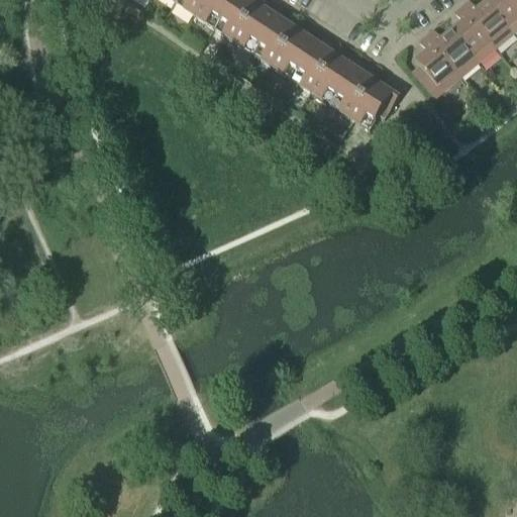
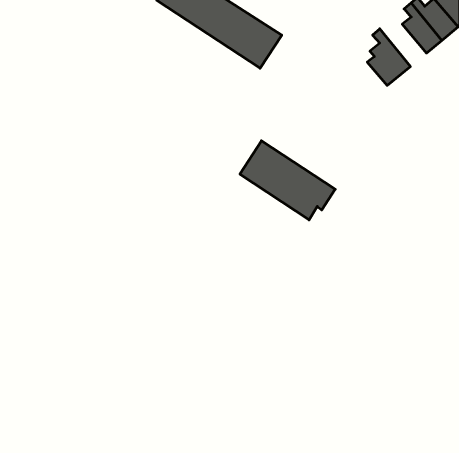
building: [427,26,480,75] -> none
building: [293,39,400,128] -> [240,141,335,220]

